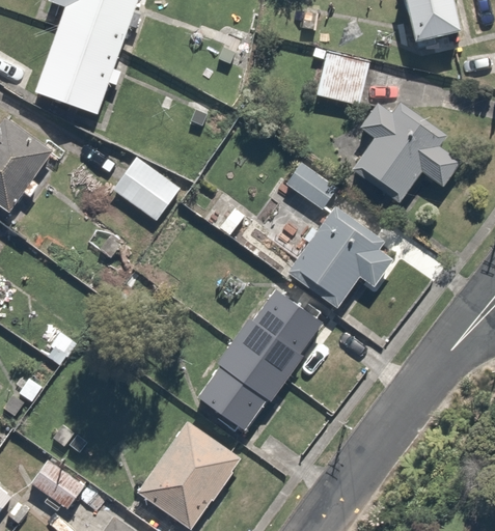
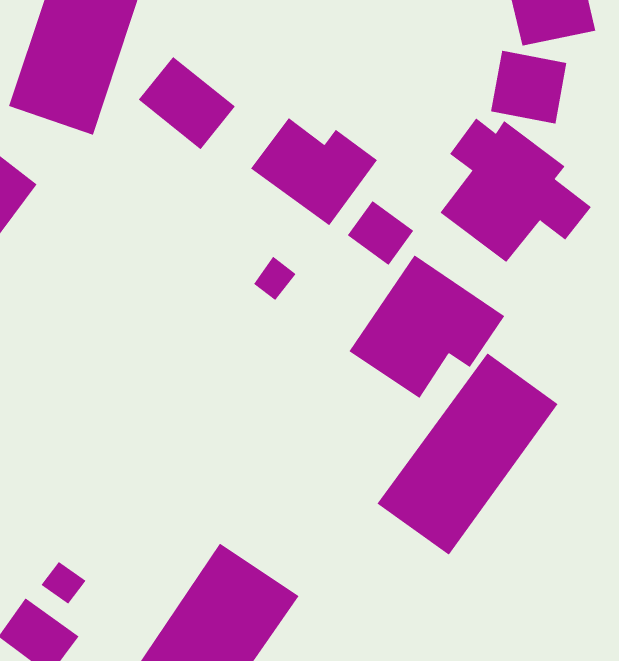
building: [313,54,370,109] -> [490,50,567,124]
building: none -> [250,117,378,226]
building: [108,157,181,226] -> [138,56,236,150]
building: [192,286,327,437] -> [376,352,558,555]

